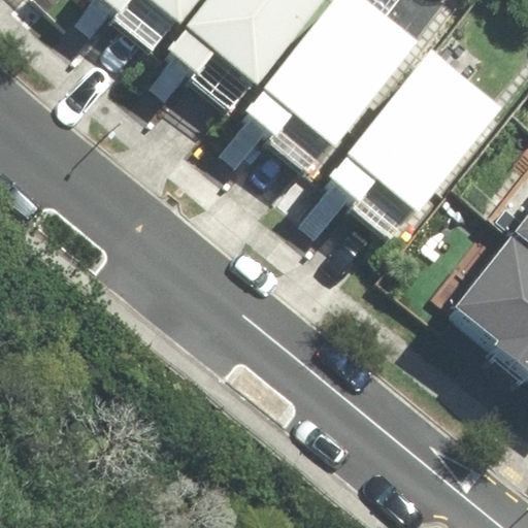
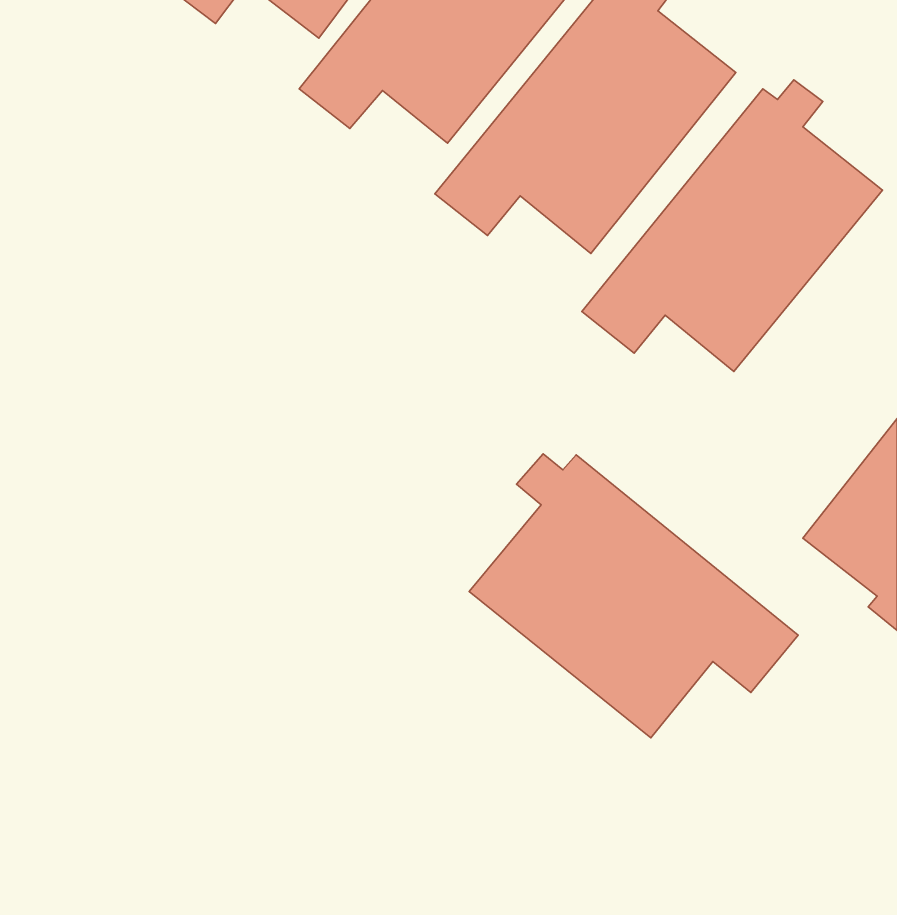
building: none -> [469,454,798,738]

